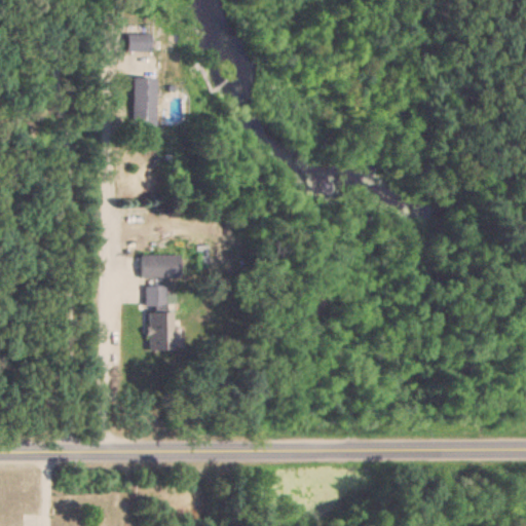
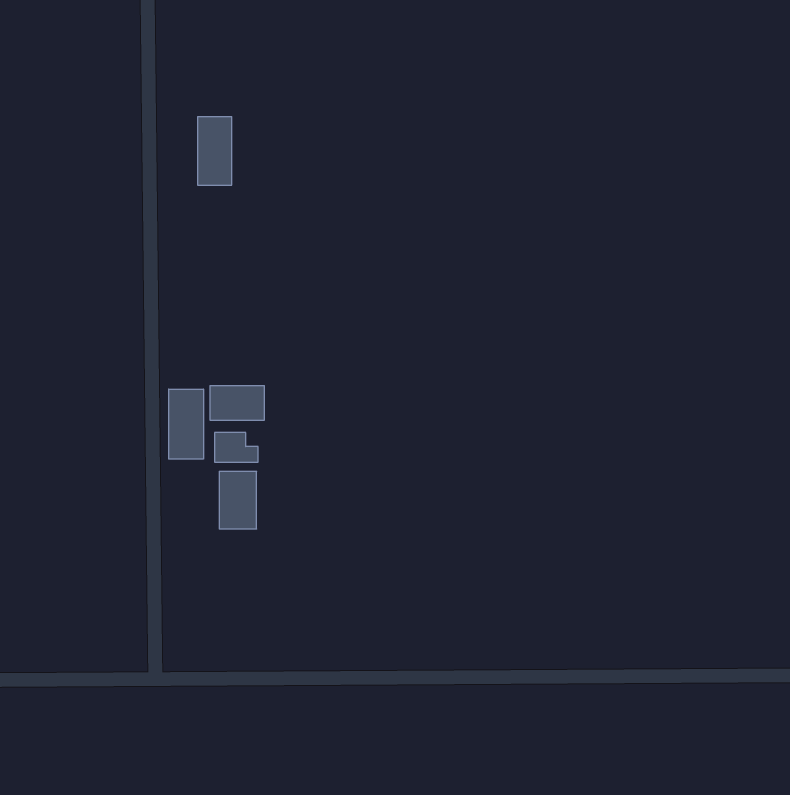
building: [130,33,152,51] -> none
building: none -> [169,389,203,459]

